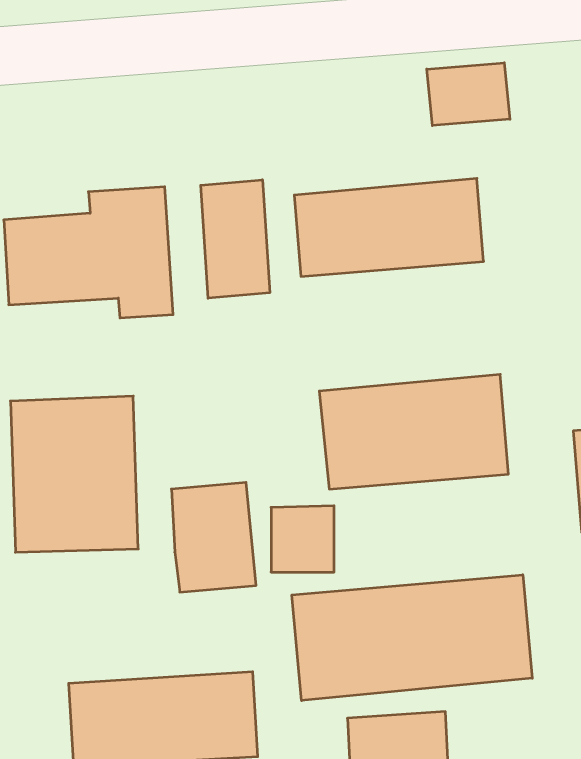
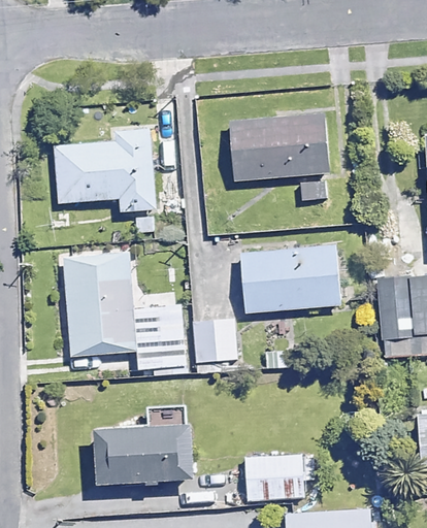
building: [427,63,510,126] -> none
building: [201,180,270,298] -> none
building: [292,575,532,701] -> none

